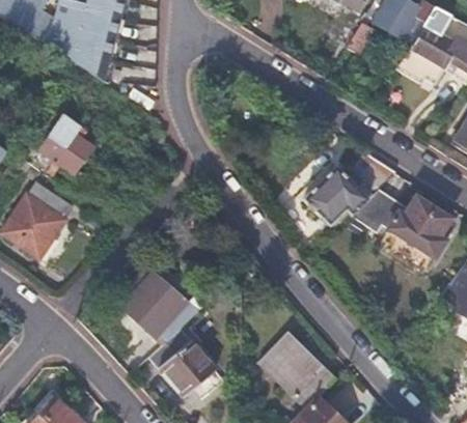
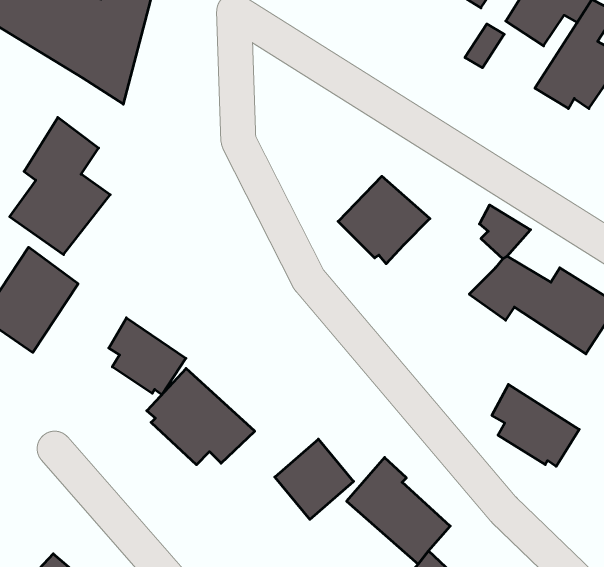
building: [303,166,368,228] -> [338,176,430,264]
building: none -> [109,318,186,395]
building: none -> [492,384,579,466]
building: [160,340,216,397] -> [275,439,354,519]

